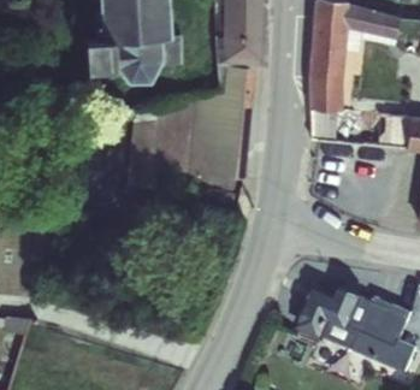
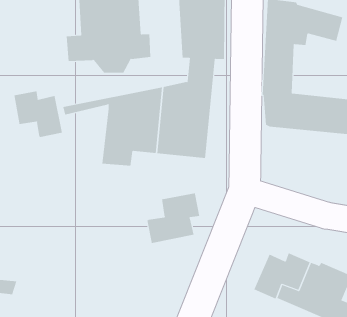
building: none -> [14,90,63,138]
building: none -> [147,193,200,244]

